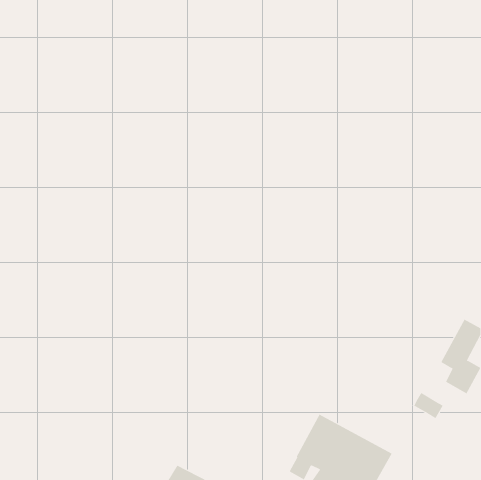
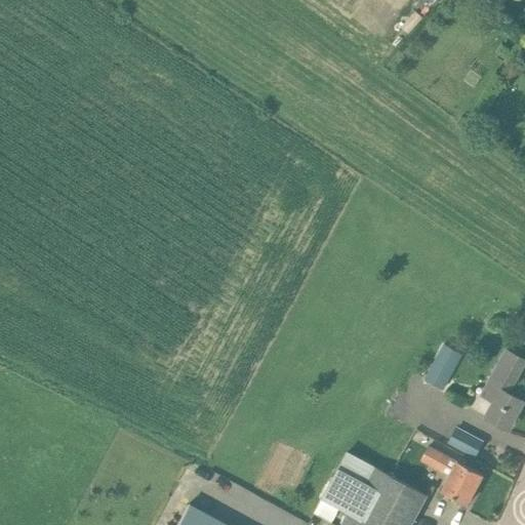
building: none -> [423,347,461,391]
building: none -> [420,443,483,504]

